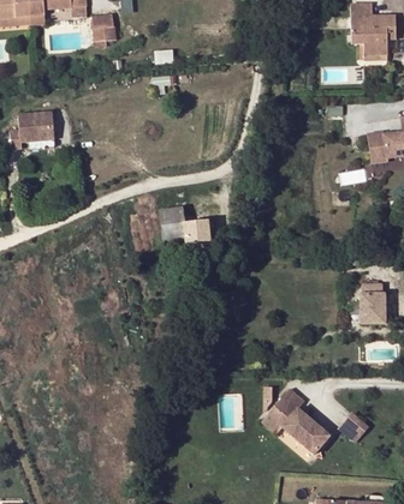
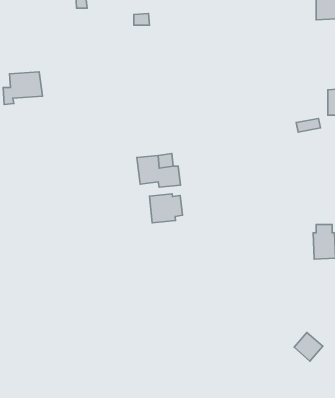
building: none -> [150,194,183,223]
building: [260,389,328,455] -> none

